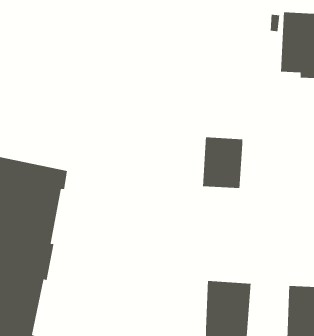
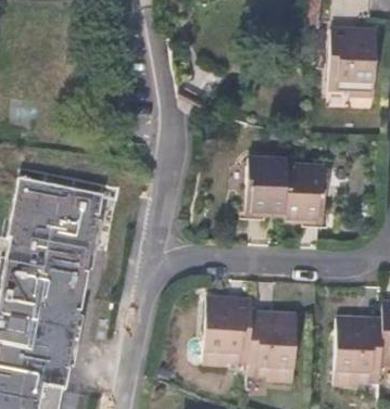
building: none -> [286,166,327,220]
building: none -> [203,295,251,365]

